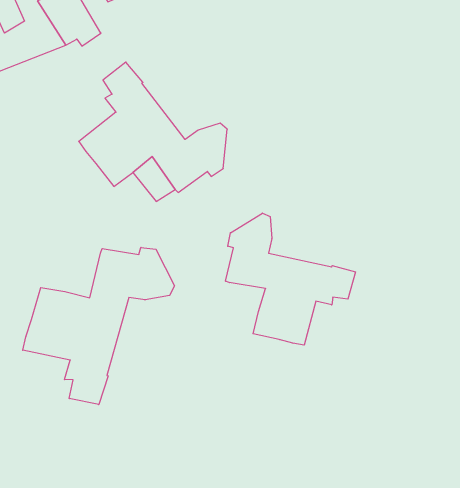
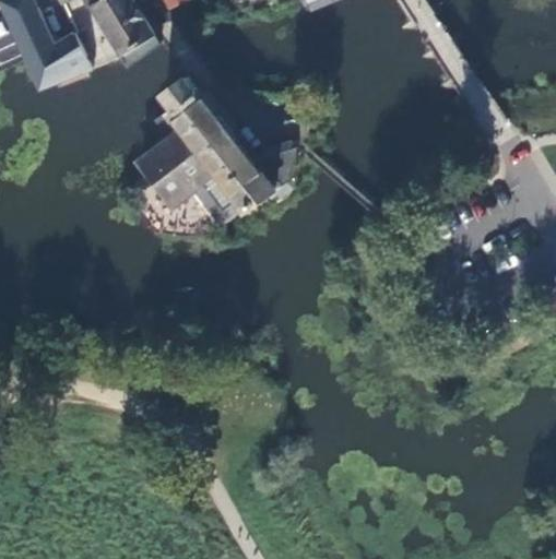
building: [226,213,355,345] -> none
building: [23,247,174,405] -> none

